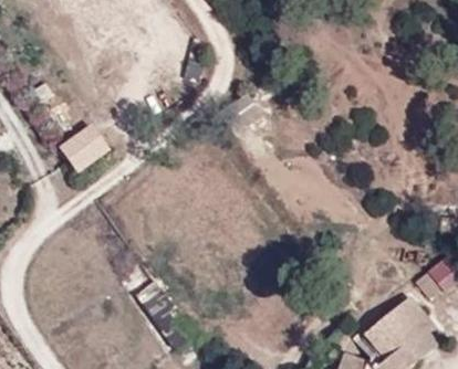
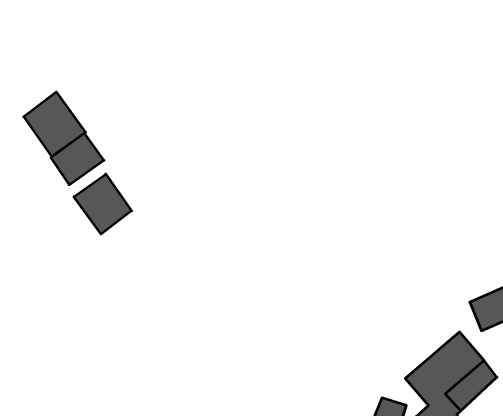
building: none -> [24,92,86,157]
building: none -> [74,174,132,234]

